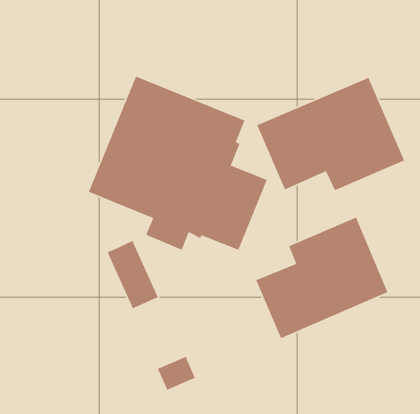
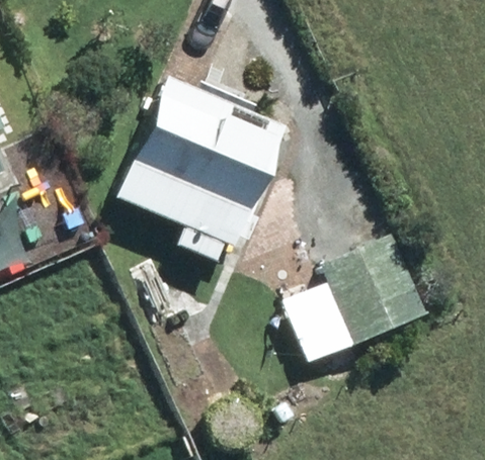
building: [256,77,405,191] -> none

